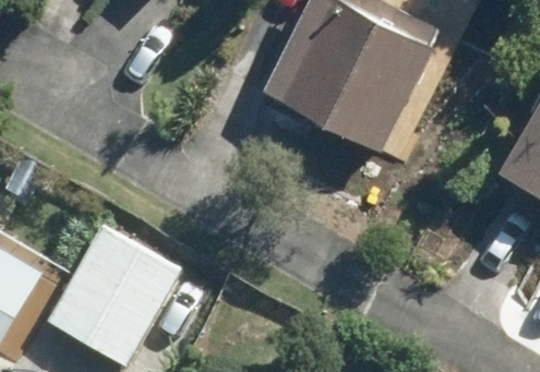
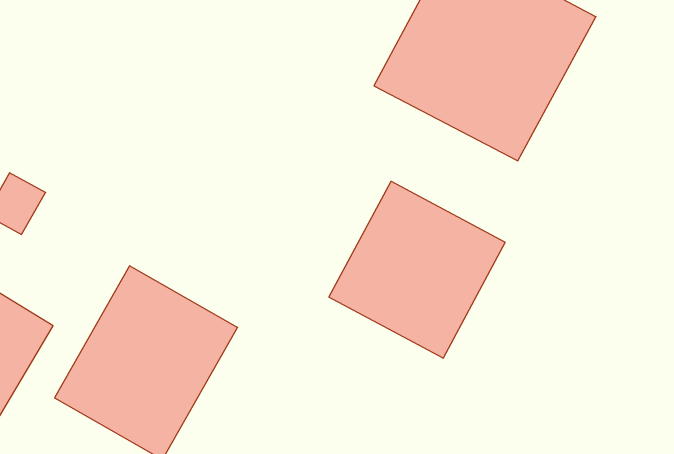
building: none -> [329,181,505,358]

